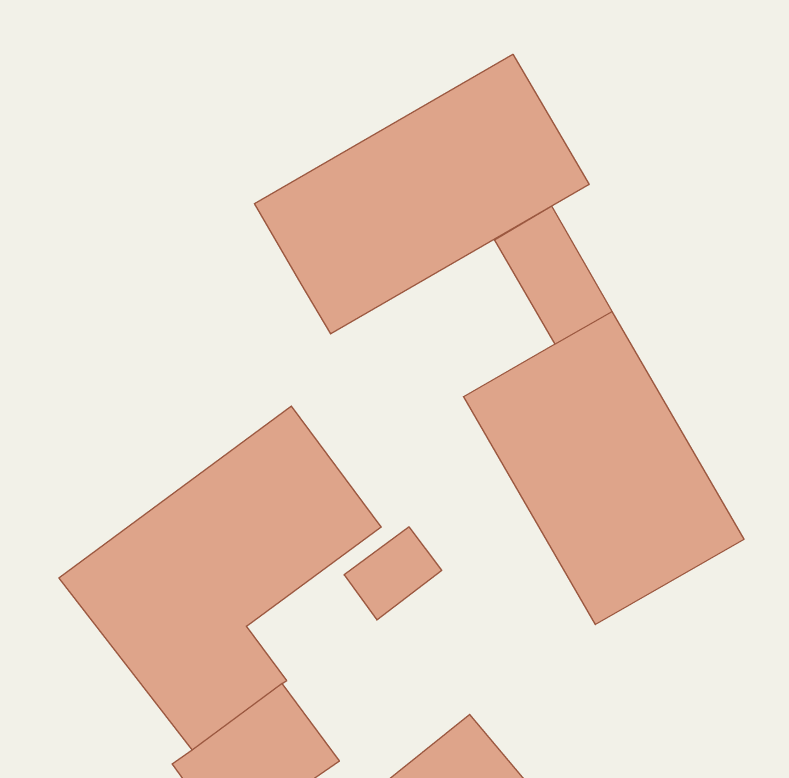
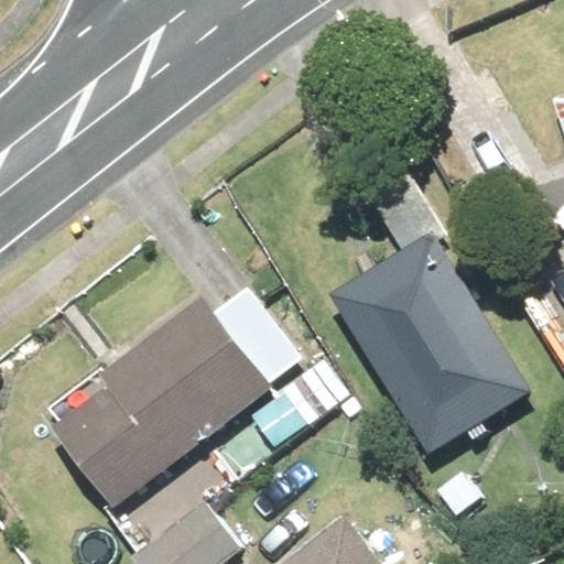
building: [254,54,589,334] -> none

